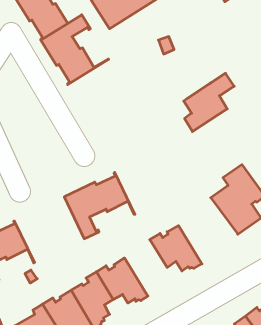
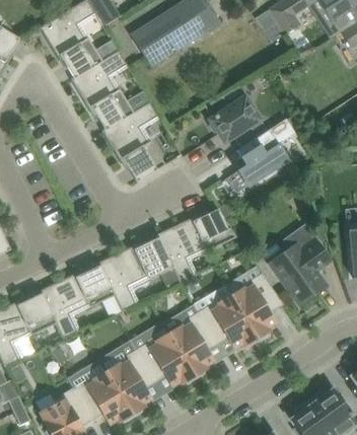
building: none -> [208,85,268,147]
building: none -> [102,101,165,182]
building: none -> [157,208,236,282]
building: none -> [41,262,122,338]
building: none -> [231,273,284,340]
building: none -> [168,311,218,377]

